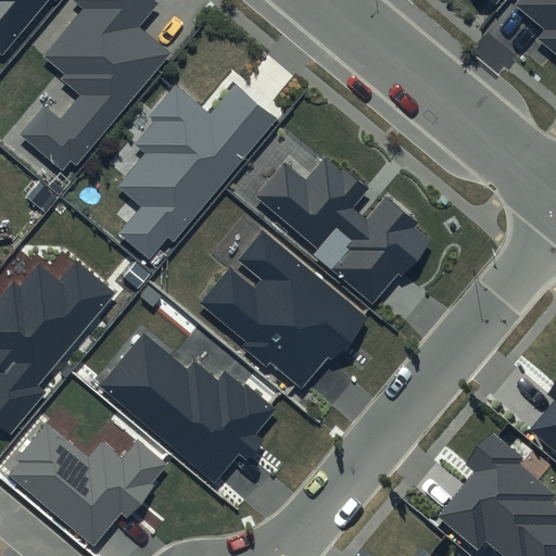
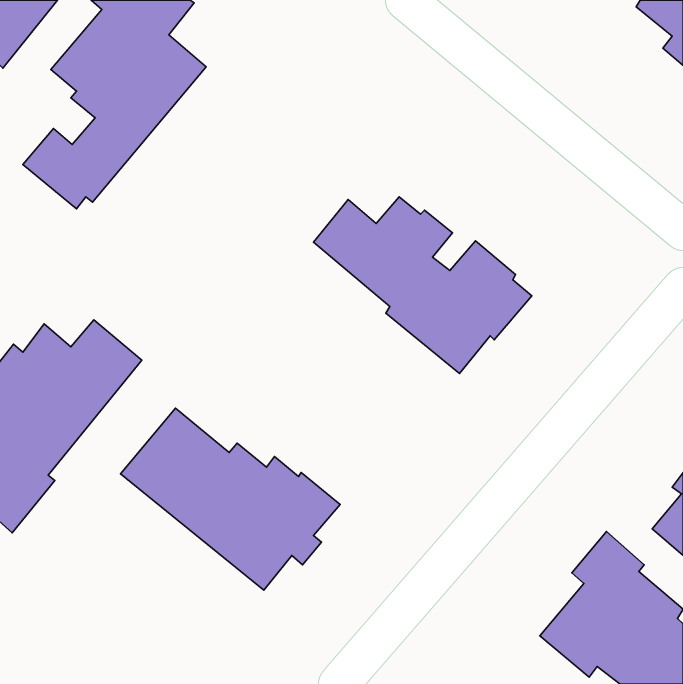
building: [115,83,277,260] -> none
building: [199,229,367,388] -> none
building: [8,424,166,545] -> none

